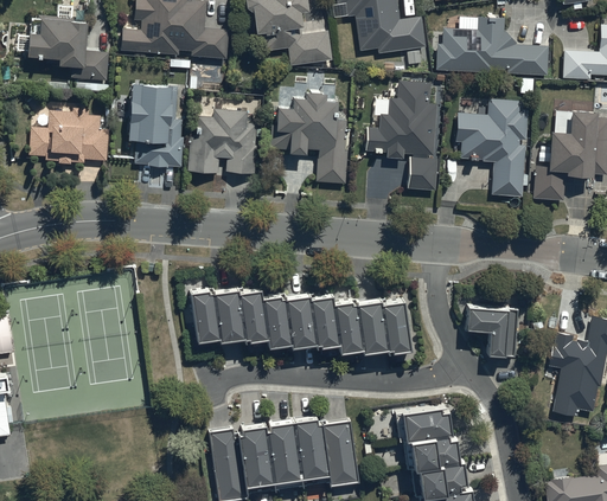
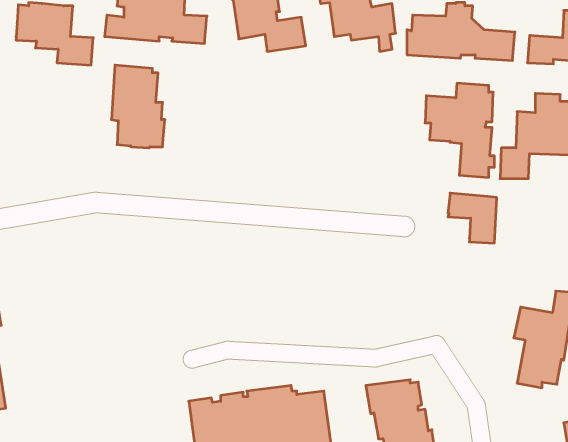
building: [364,79,437,191] -> none
building: [269,89,347,184] -> none
building: [30,107,109,162] -> none
building: [186,108,257,175] -> none
building: [190,291,409,355] -> none
building: [466,307,517,359] -> [448,193,497,243]

